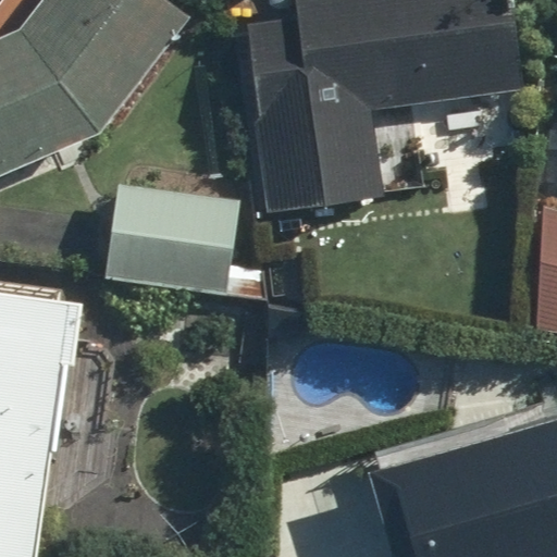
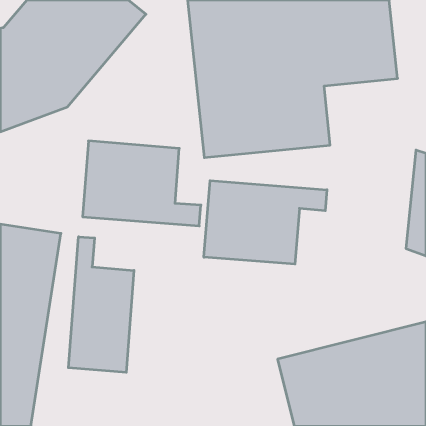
building: none -> [204,181,327,264]
building: none -> [68,237,134,372]

